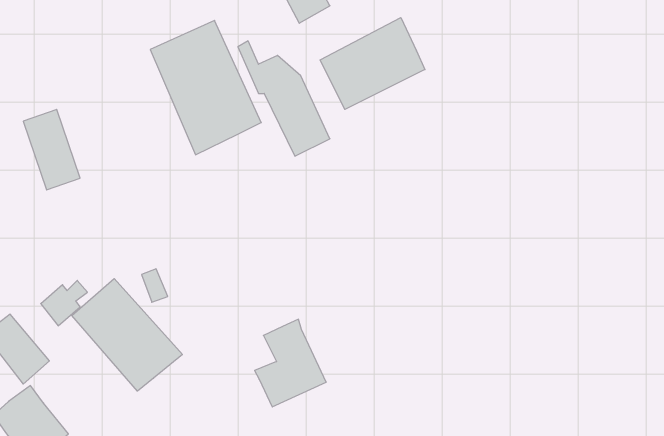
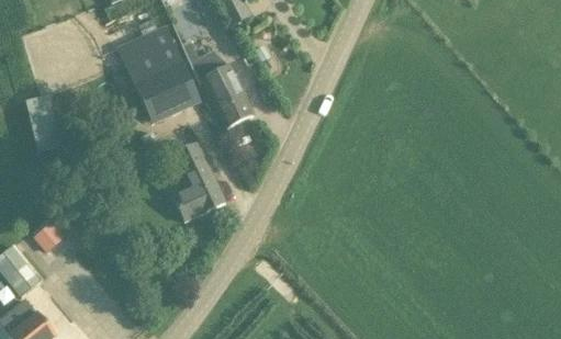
building: [320,18,425,109] -> none
building: [72,279,182,391] -> none
building: [255,319,326,407] -> [171,152,225,218]

